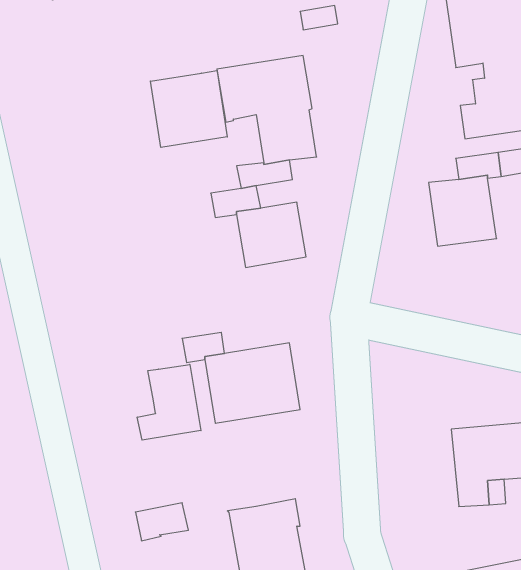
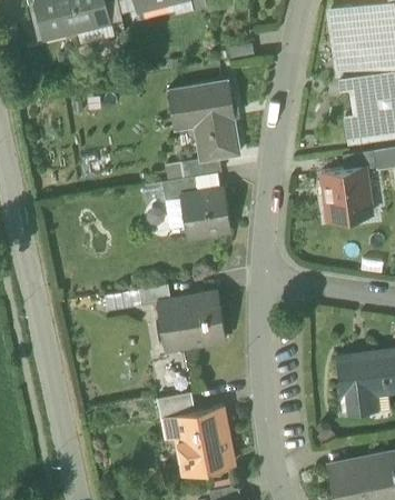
building: [150,71,227,147] -> none
building: [137,364,201,440] -> none
building: [135,503,188,541] -> [156,392,195,420]

